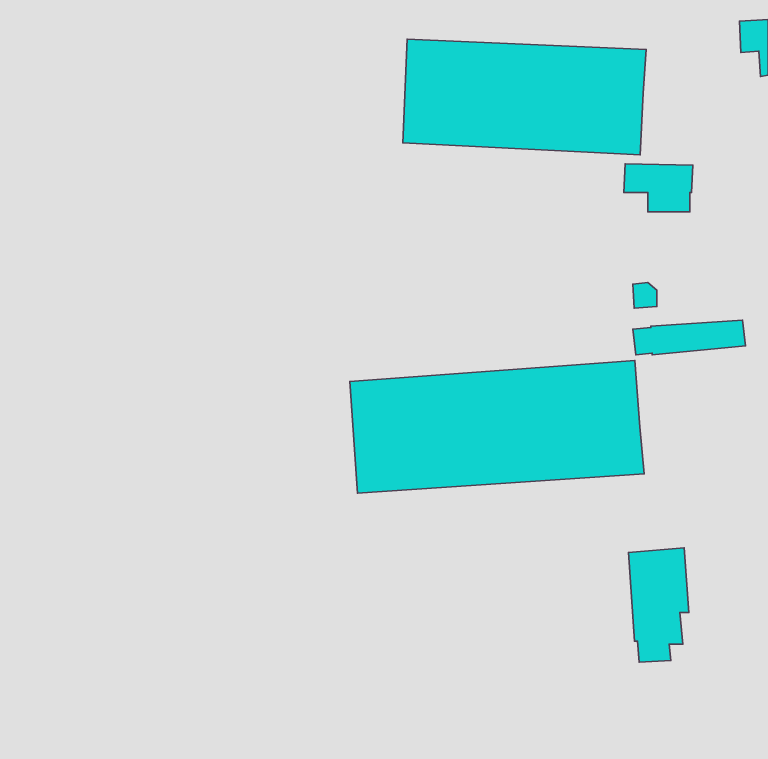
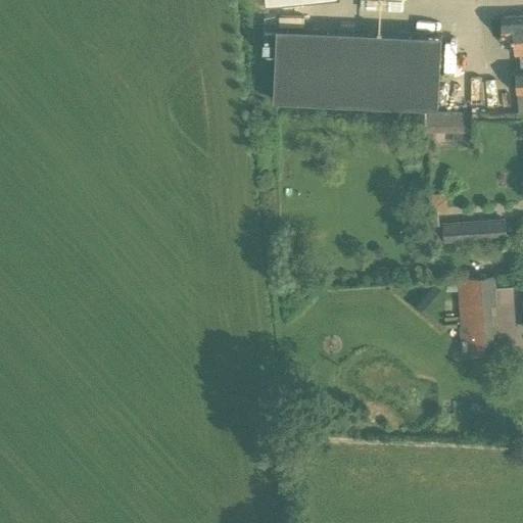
building: [350,361,644,493] -> none
building: [629,548,689,662] -> [457,280,497,358]

